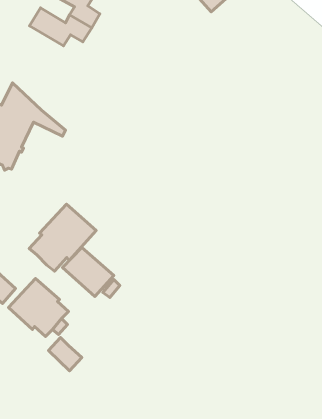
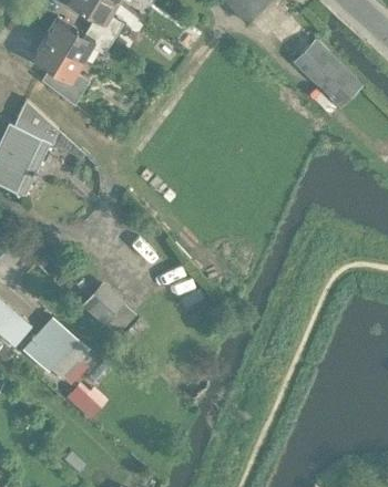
building: none -> [32,38,89,97]
building: none -> [293,40,361,107]
building: [29,204,96,271] -> none

